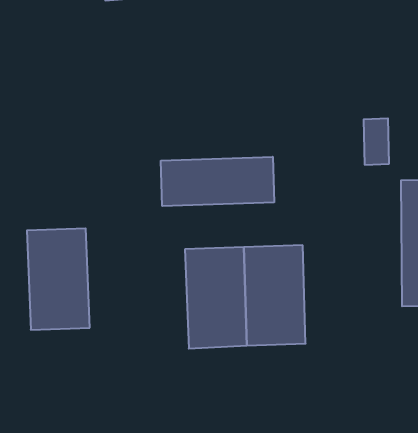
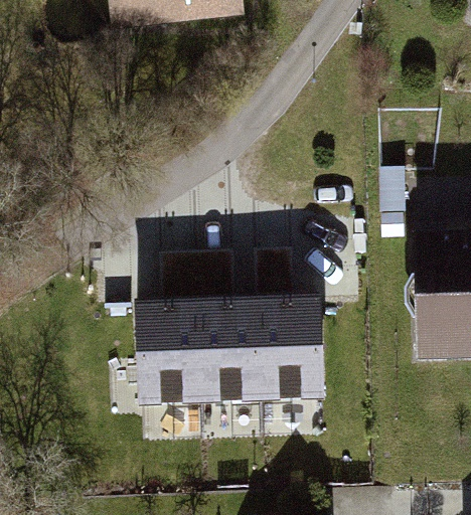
building: [161,157,274,206] -> none
building: [27,228,90,330] -> [137,299,201,402]

